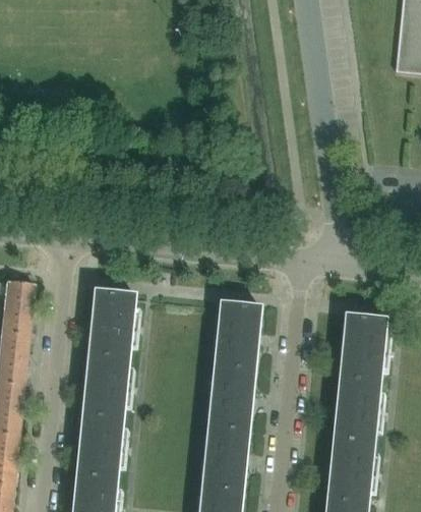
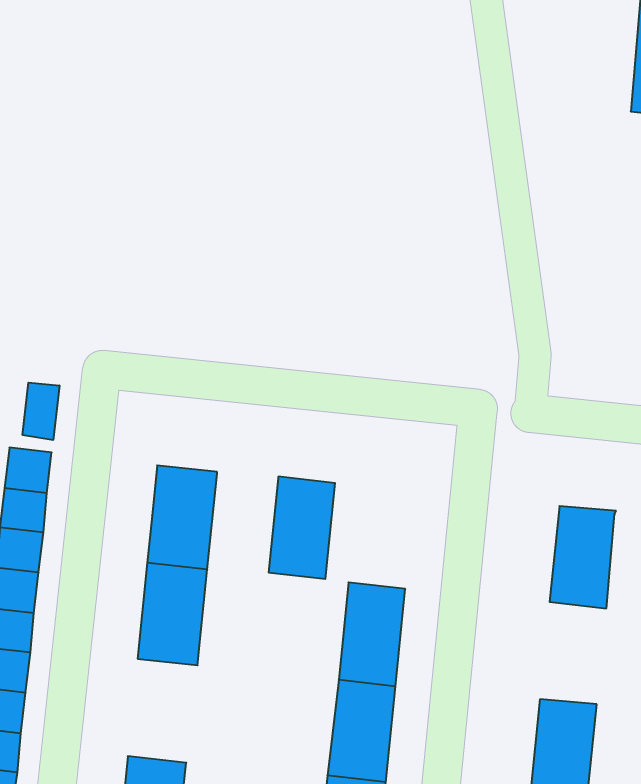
building: none -> [23,383,59,440]
building: [219,306,260,371] -> [269,477,335,579]
building: [339,379,380,443] -> none
building: [80,414,124,479] -> none

